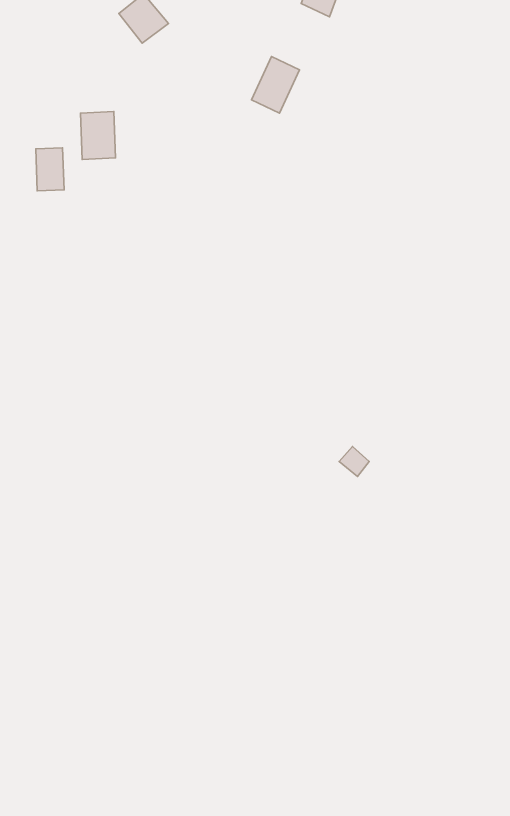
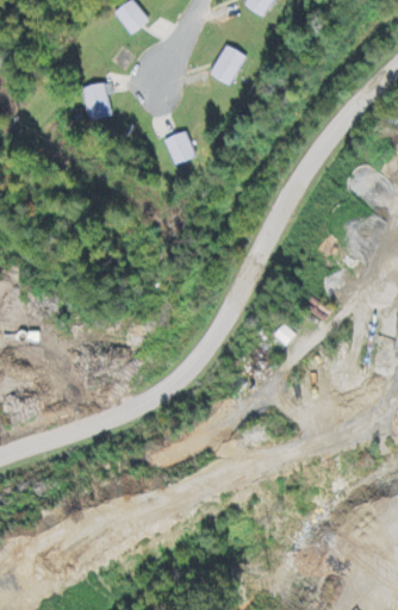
building: [36,148,64,191] -> none
building: none -> [163,131,194,164]

